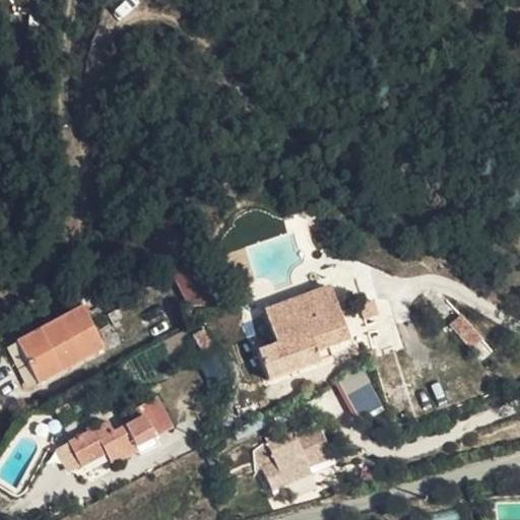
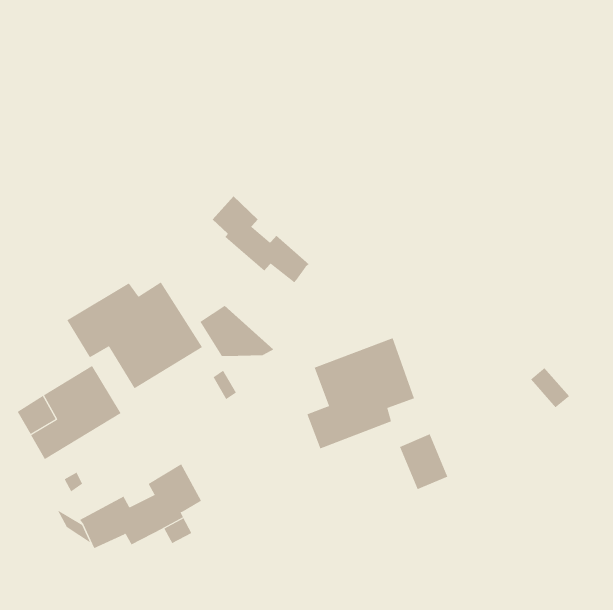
building: none -> [212,195,310,283]
building: none -> [67,282,203,389]
building: [259,428,329,490] -> none

